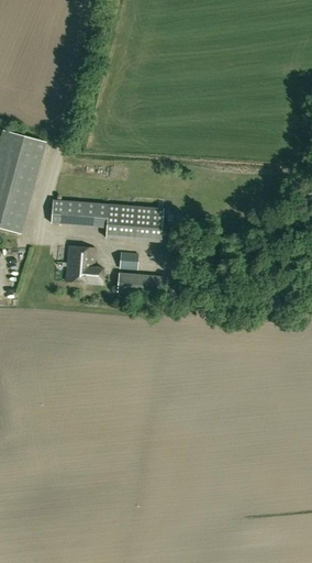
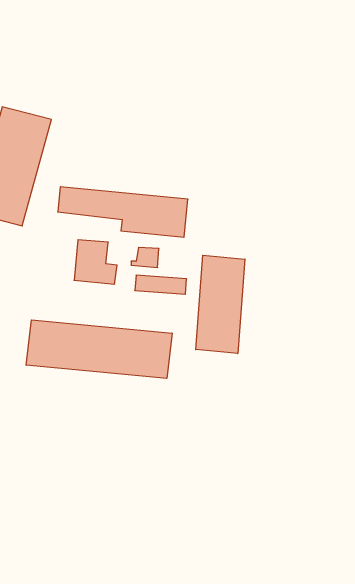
building: none -> [196,255,245,354]
building: none -> [26,320,172,378]

